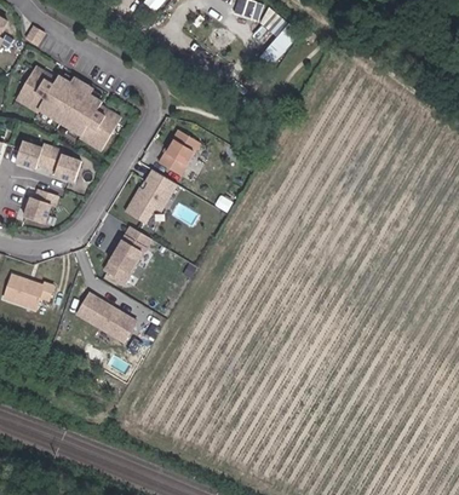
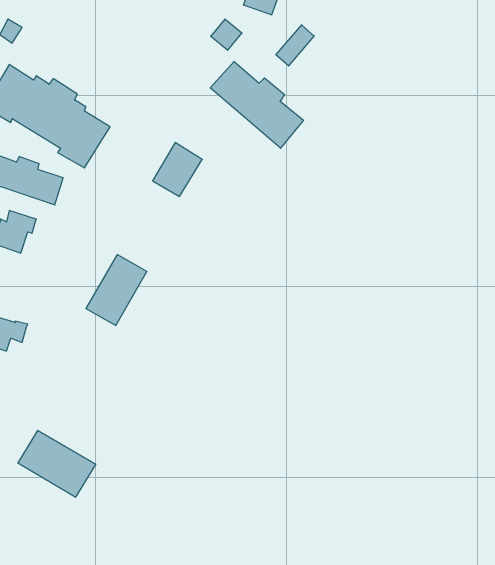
building: none -> [210,61,303,148]
building: [125,169,177,228] -> none
building: [71,289,138,346] -> [18,430,96,497]

